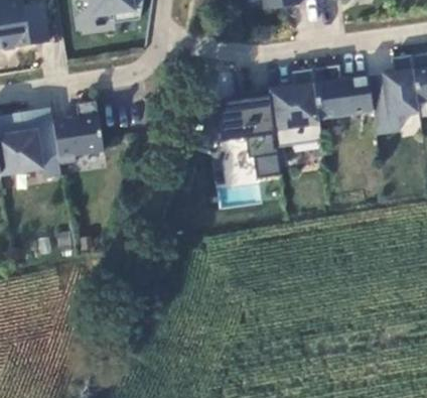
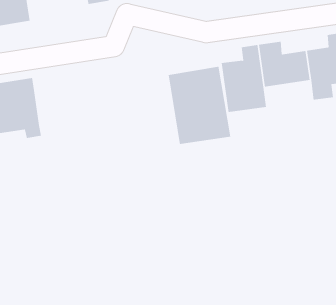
building: [53,100,104,162] -> none

